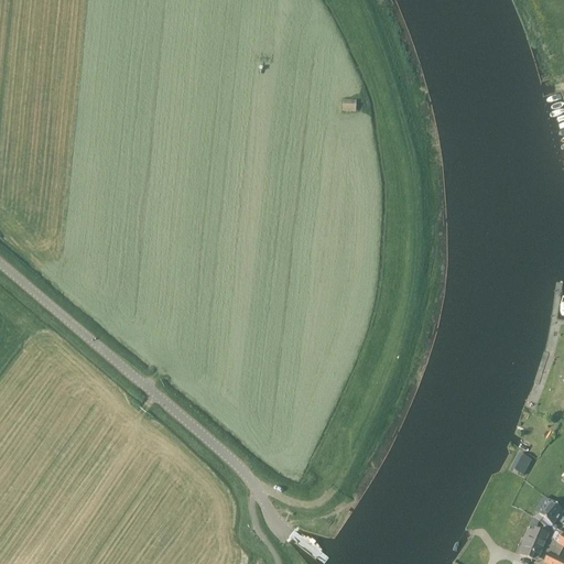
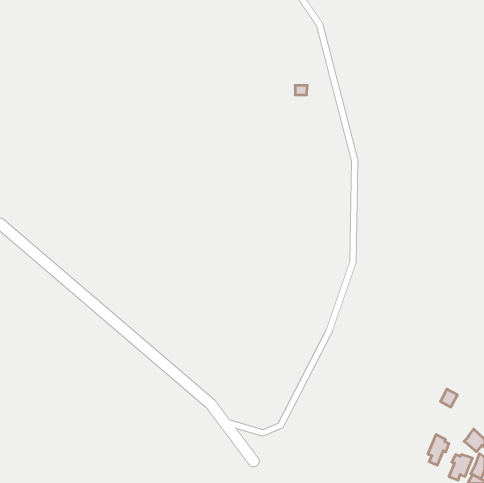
building: none -> [428,434,449,465]

